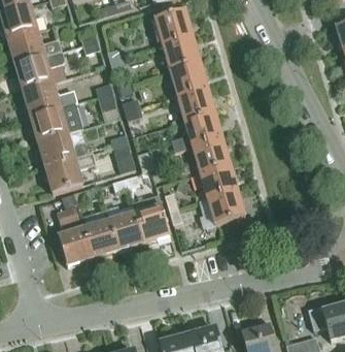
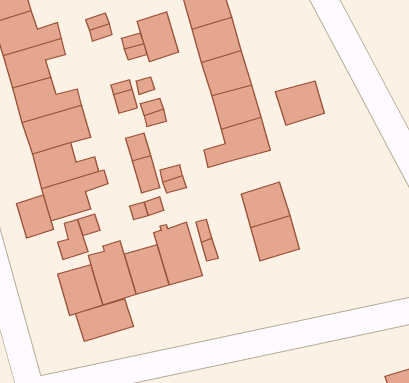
building: none -> [137,12,178,62]
building: [192,137,230,171] -> [275,81,324,125]
building: none -> [16,195,54,238]
building: none -> [75,299,134,341]

